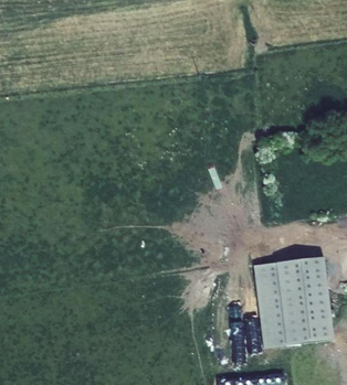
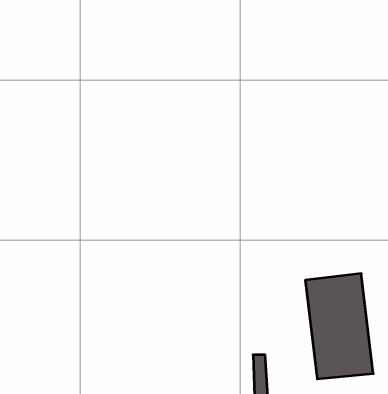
building: [255,264,287,349] -> none

